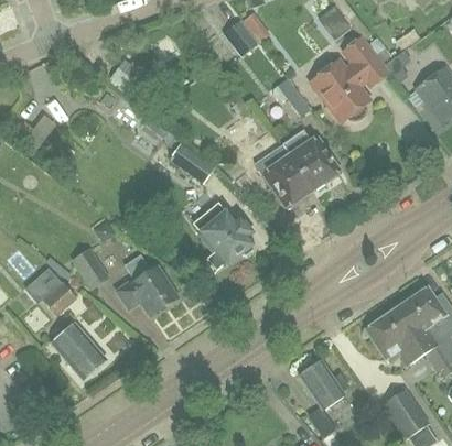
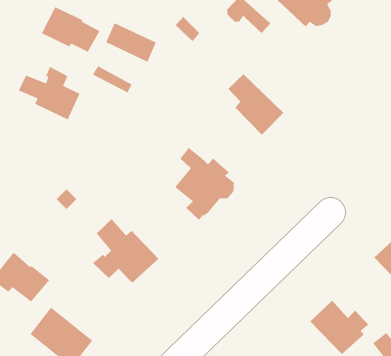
building: none -> [18,66,80,120]
building: [279,128,337,187] -> none
building: [170,142,215,183] -> [105,22,157,63]
building: [72,247,110,290] -> none

